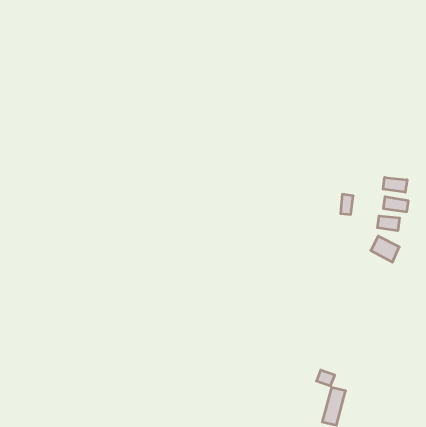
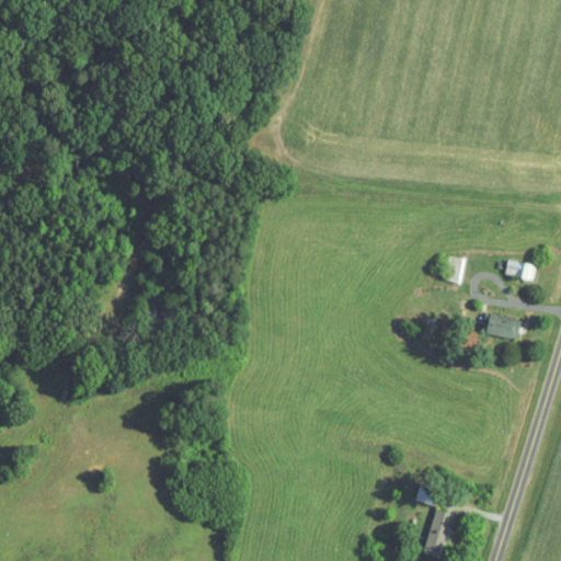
building: [383,177,407,192] -> none
building: [377,216,400,231] -> none

